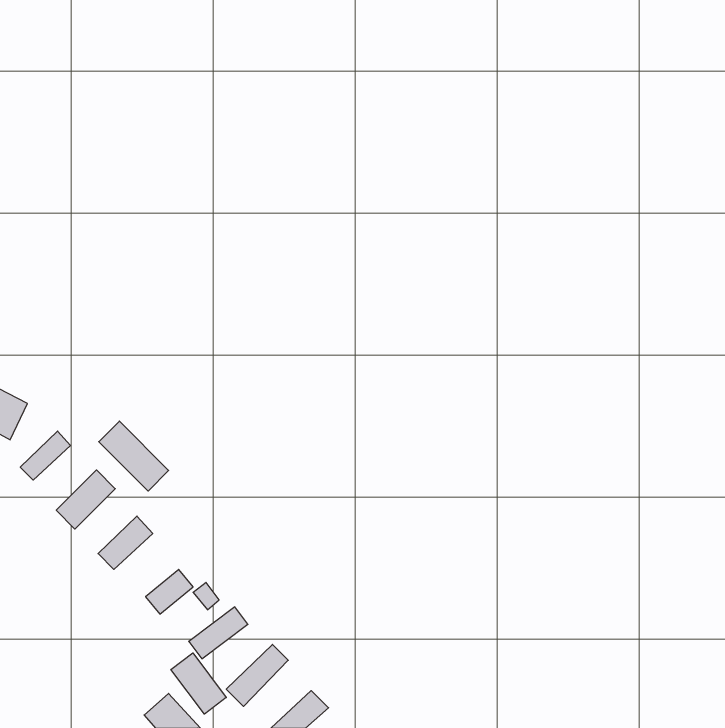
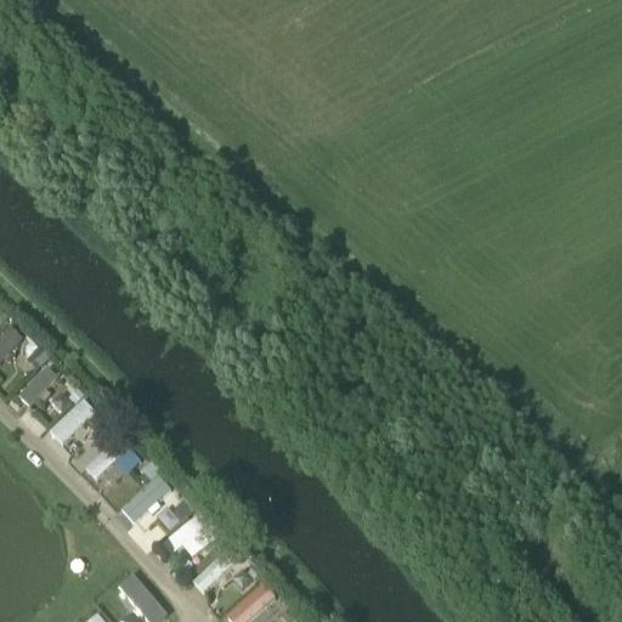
building: [99,421,169,491] -> none
building: [171,653,226,714] -> none

